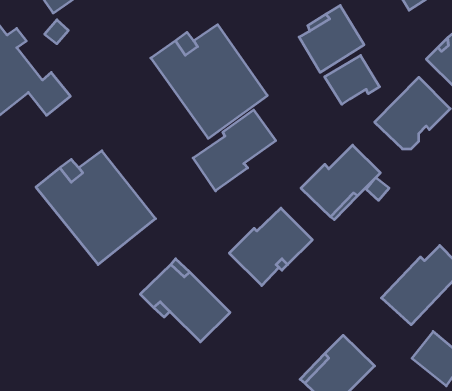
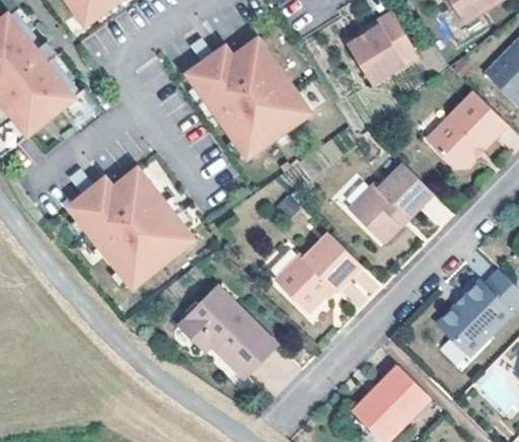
building: [325,55,380,104] -> none
building: [193,110,276,191] -> none

